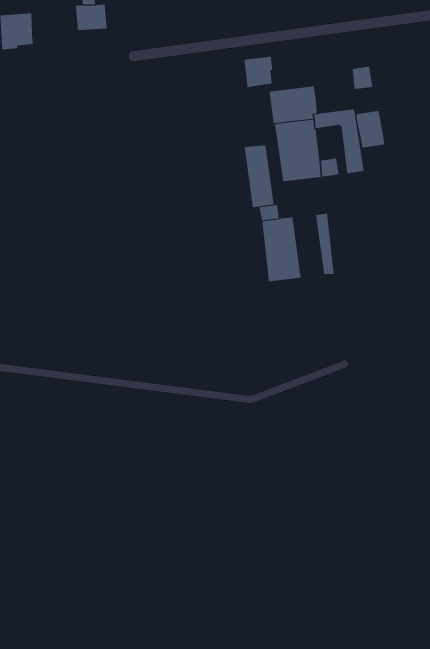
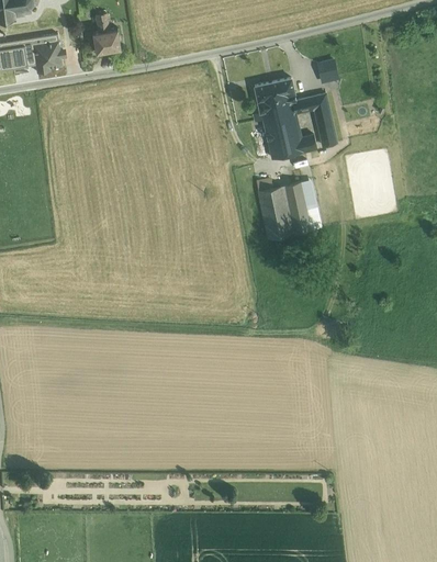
building: [244,56,273,88] -> none
building: [356,110,385,149] -> none
building: [244,145,274,208] -> [282,182,311,234]

